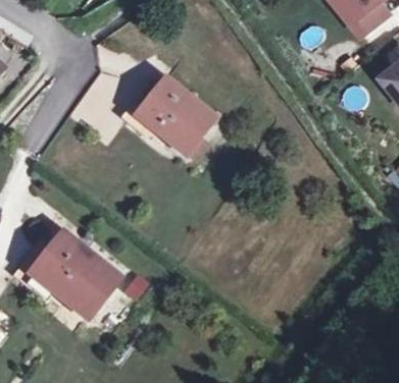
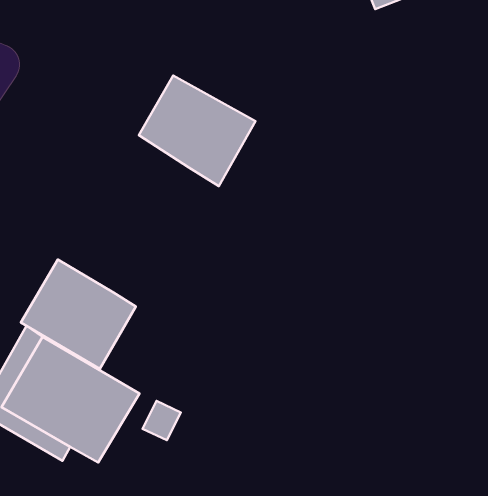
building: [131,69,173,142] -> none
building: none -> [21,259,136,369]

